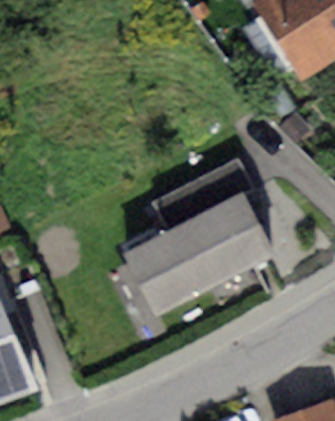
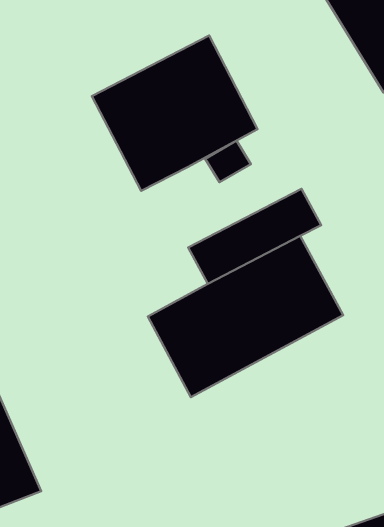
building: none -> [92,35,257,191]

